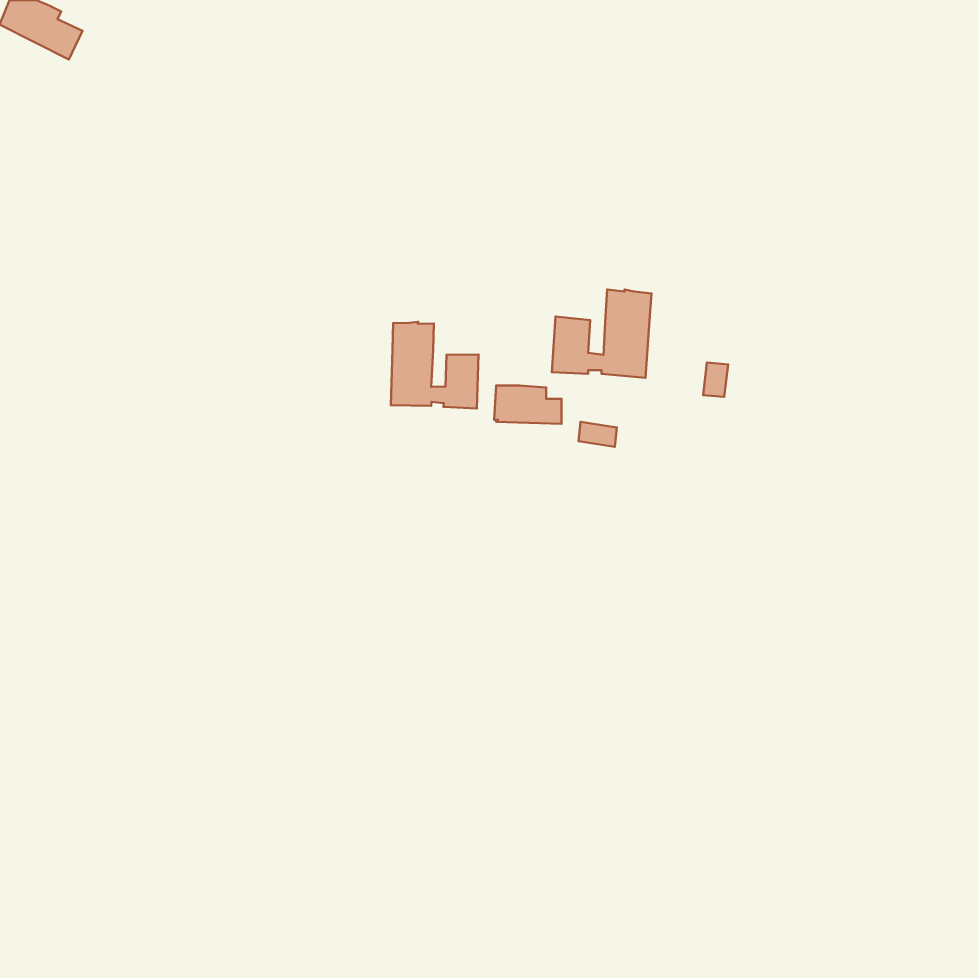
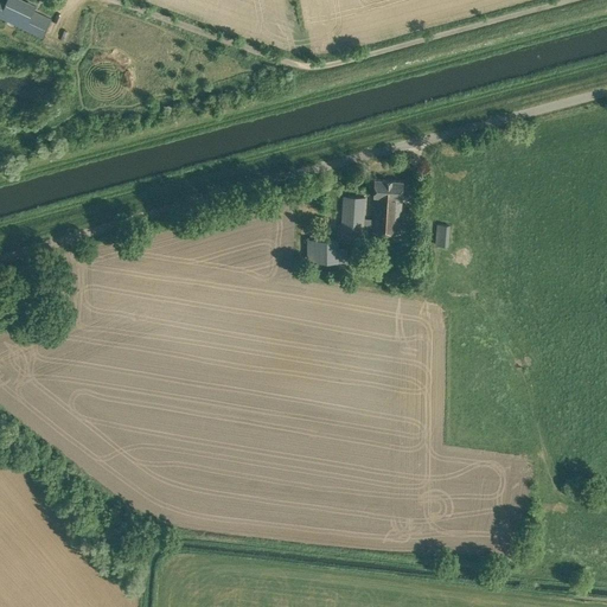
building: [391,322,478,408] -> none

